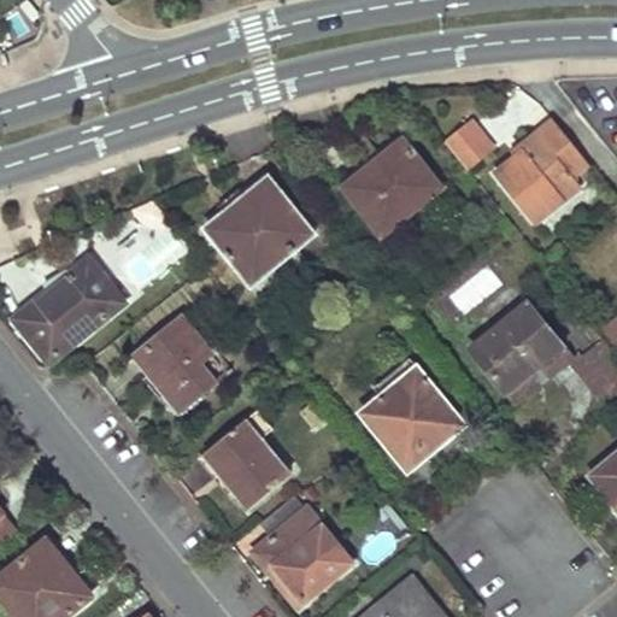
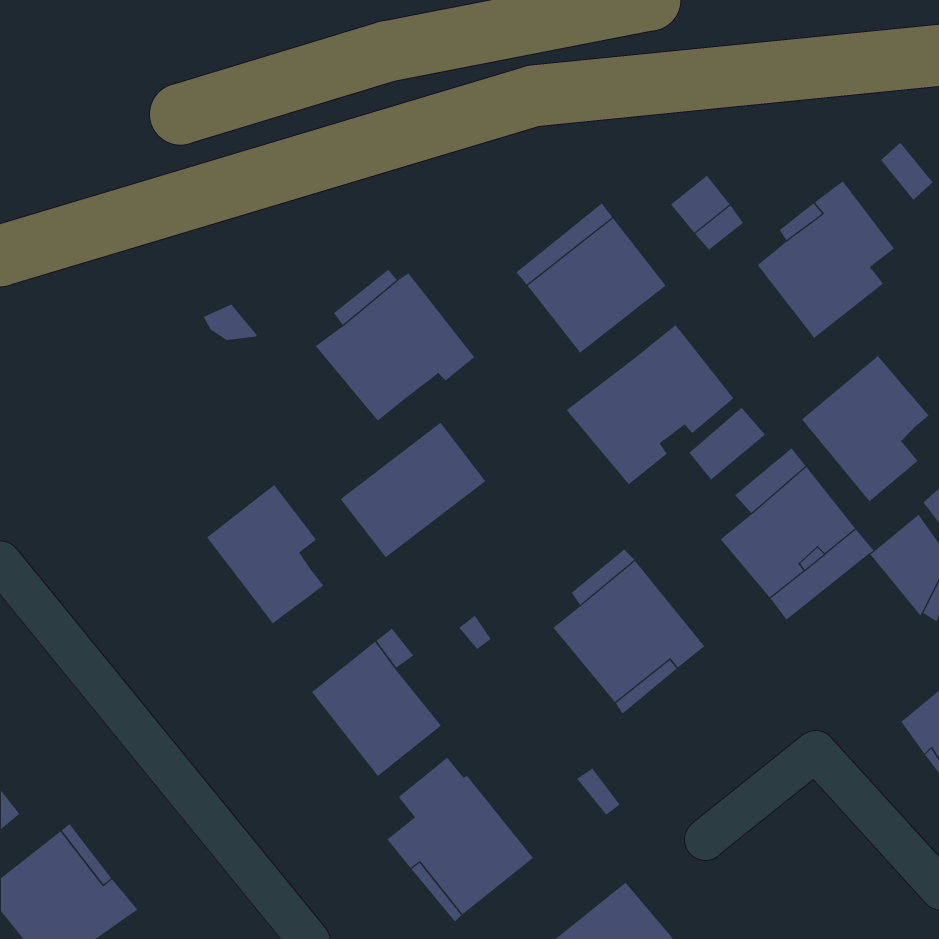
building: none -> [566,324,734,485]
building: none -> [801,355,929,502]
building: [18,263,123,360] -> none
building: none -> [340,422,486,558]

